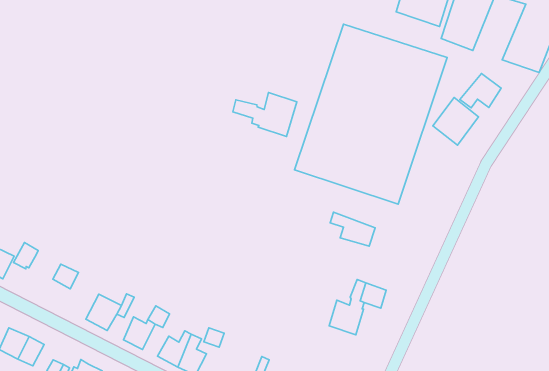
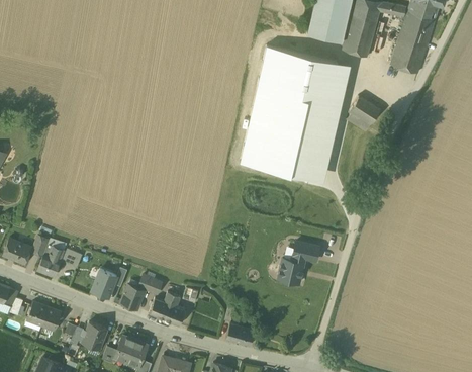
building: [460,74,501,108] -> none
building: [233,92,297,137] -> none
building: [330,212,375,246] -> none
building: none -> [37,244,64,276]

